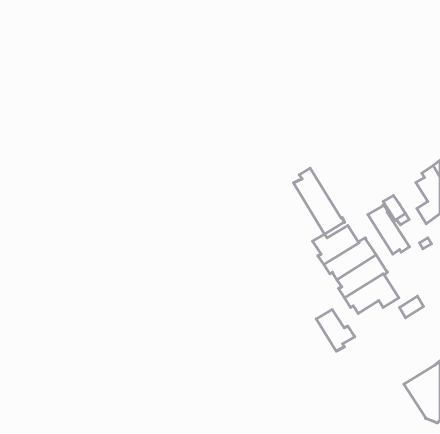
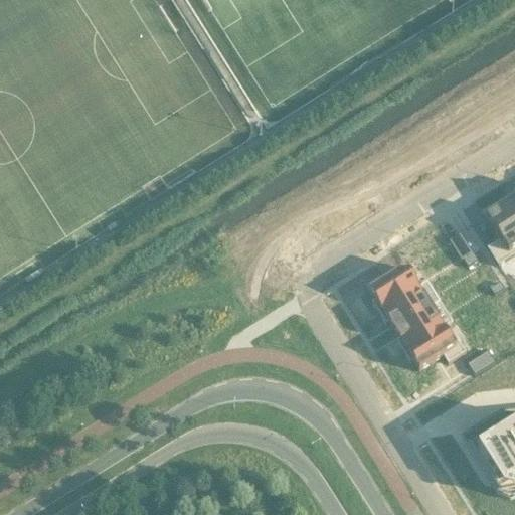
building: [293,168,345,234] -> none
building: [368,205,410,254] -> none
building: [316,309,355,351] -> none

